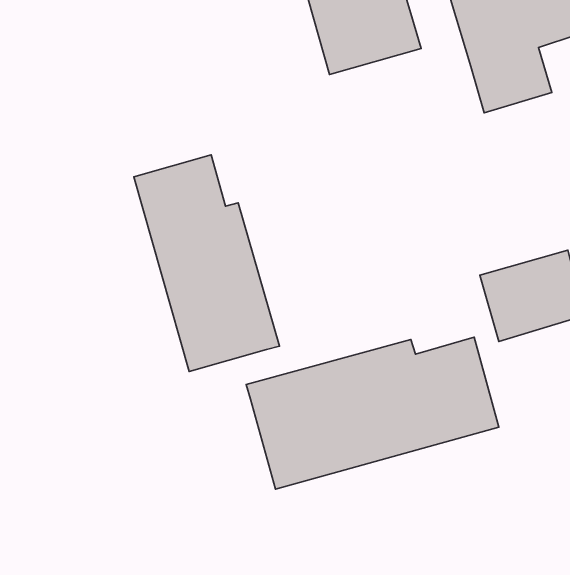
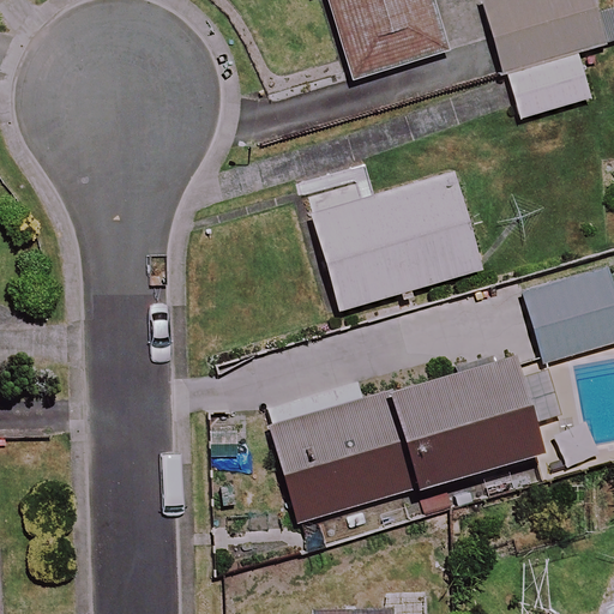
building: [134,155,279,372] -> none
building: none -> [306,174,483,313]

